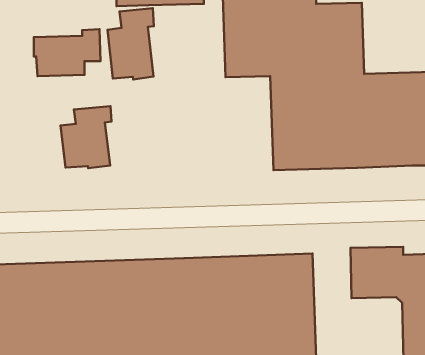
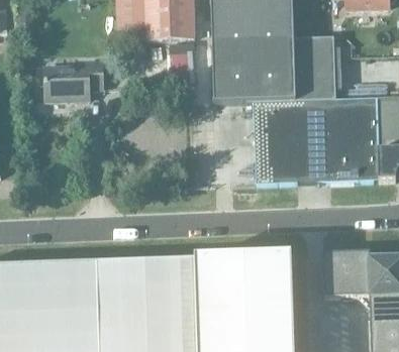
building: [107,8,154,79] -> none
building: [60,106,111,168] -> none

